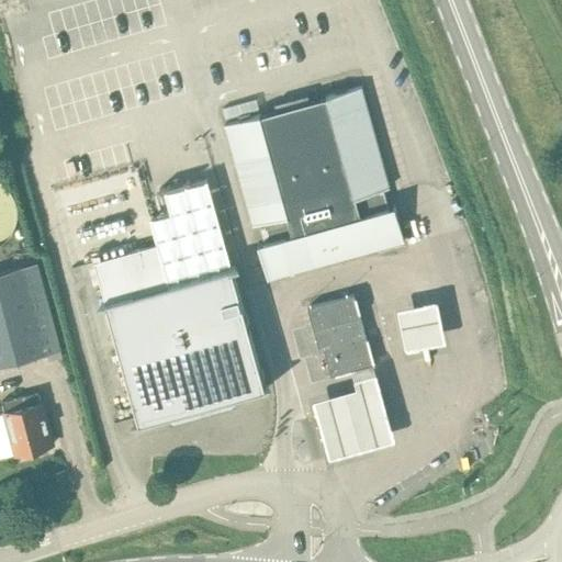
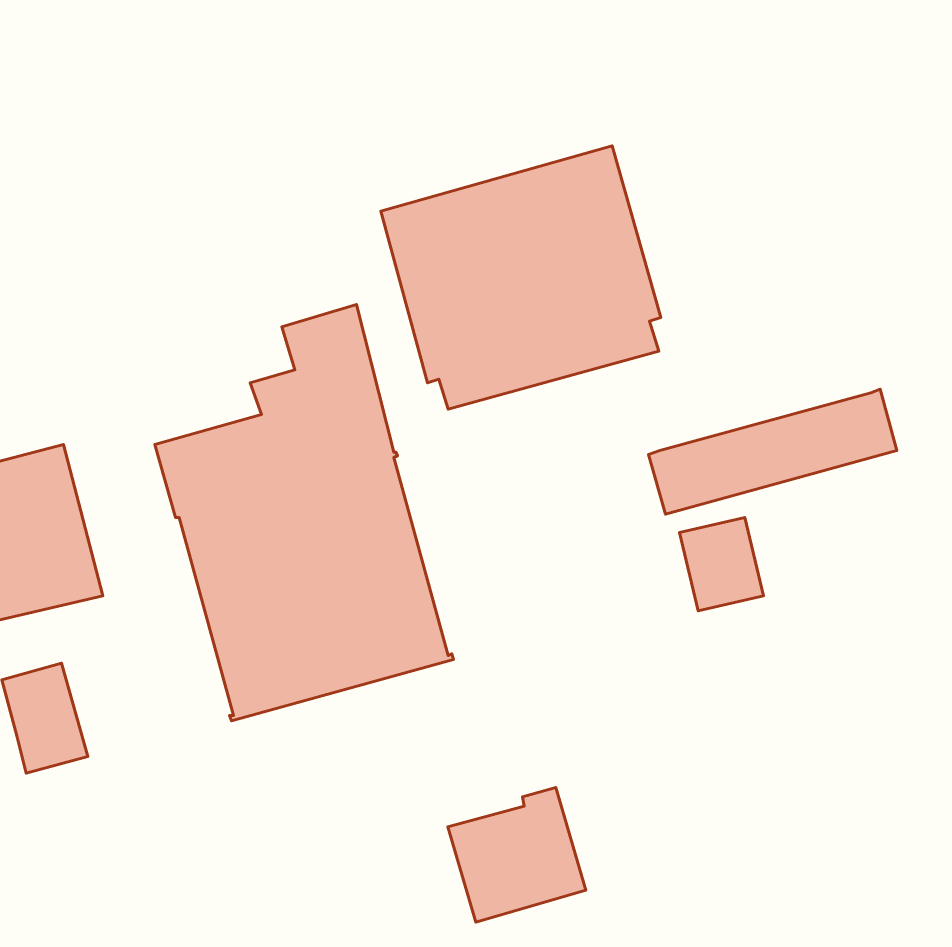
building: [257,209,403,282] -> [649,389,897,514]
building: [306,297,372,379] -> none
building: [317,383,398,462] -> [448,788,586,922]

